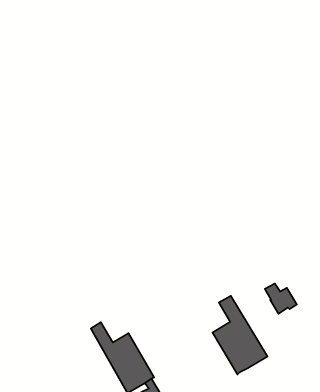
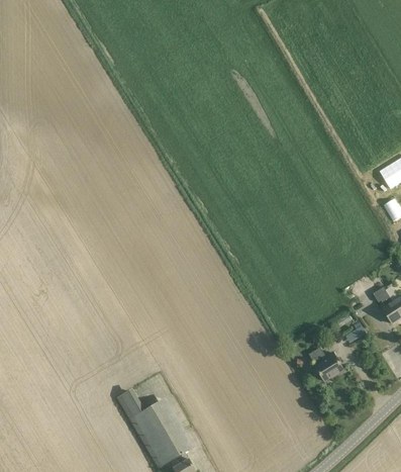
building: [212,296,268,374] -> none

